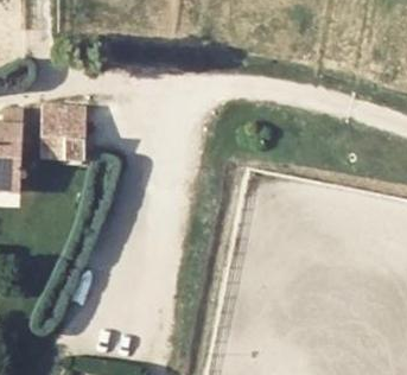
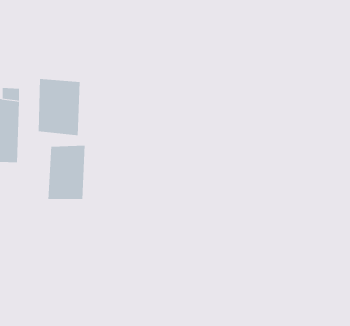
building: none -> [48,145,85,200]

